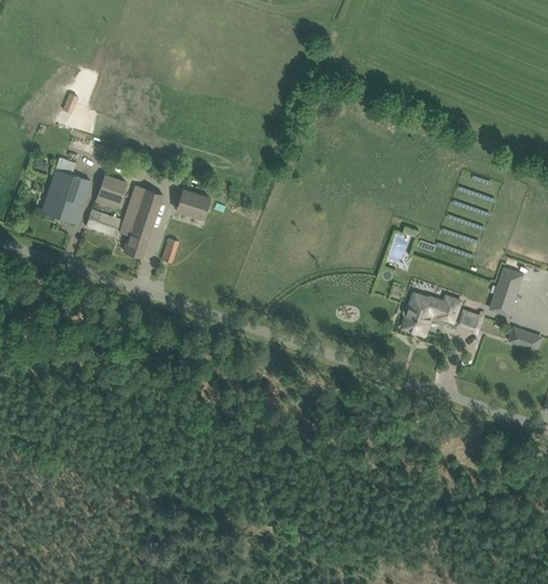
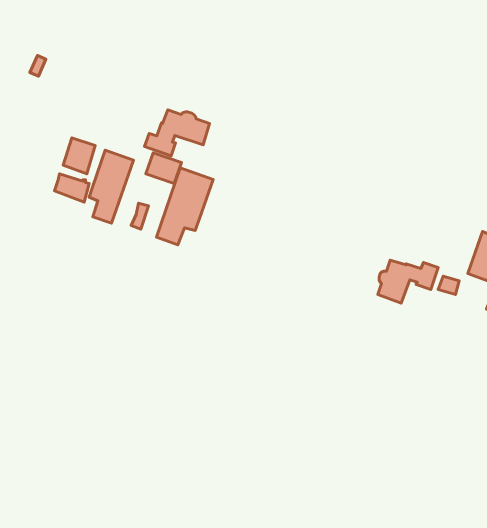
building: none -> [145,110,210,156]
building: [42,163,90,223] -> none
building: none -> [157,168,213,245]

